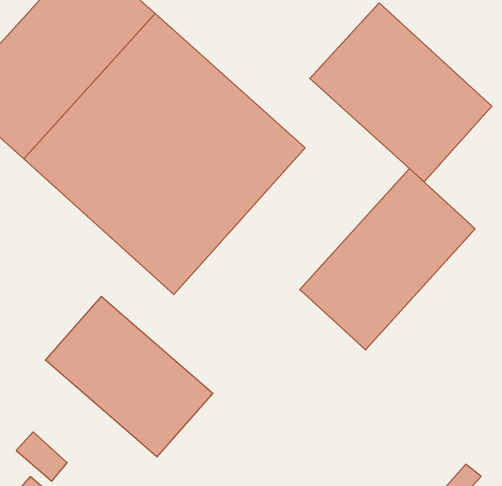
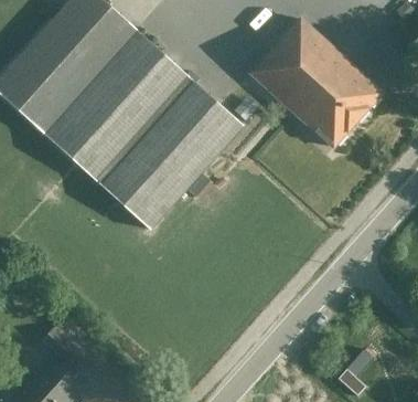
building: [300,169,475,350] -> none
building: [45,296,213,457] -> none

